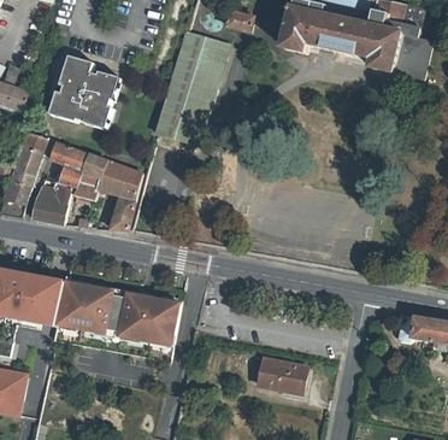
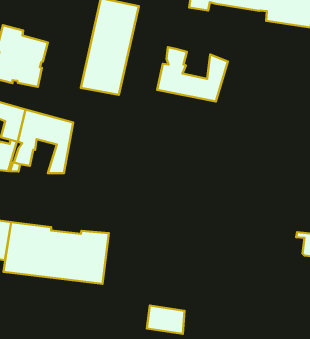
building: none -> [157,47,228,101]
building: [257,358,301,393] -> [147,306,185,334]

